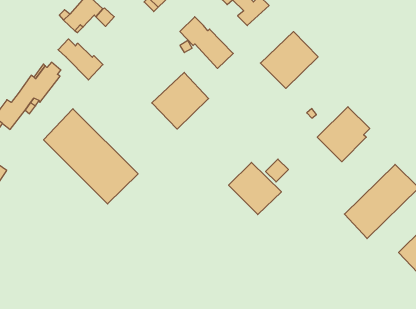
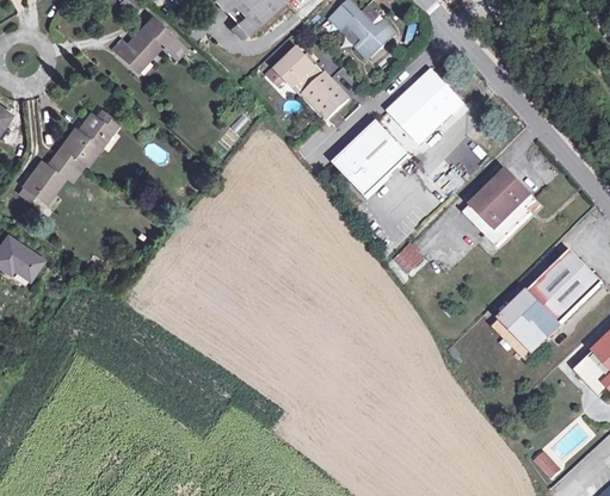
building: [58,39,103,80] -> none
building: [152,72,209,129] -> [331,120,408,198]
building: [44,109,138,204] -> none
building: [229,162,281,215] -> none

